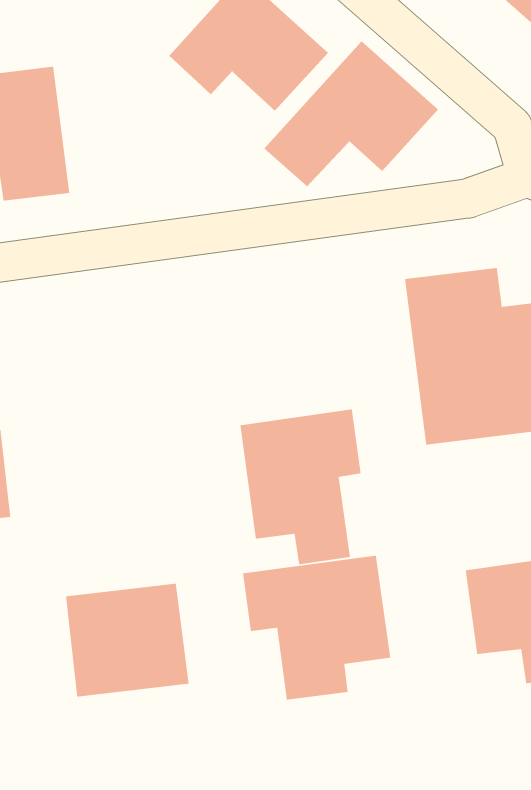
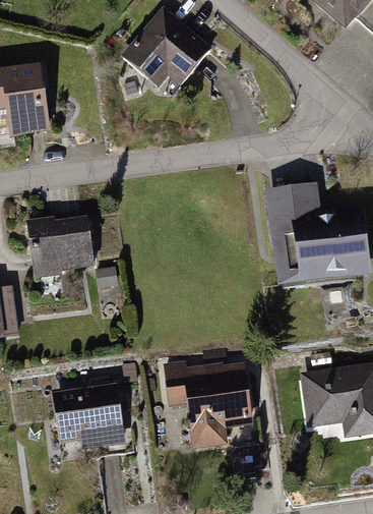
building: [264,40,439,187] -> none
building: none -> [27,213,95,277]
building: [240,408,361,565] -> none

